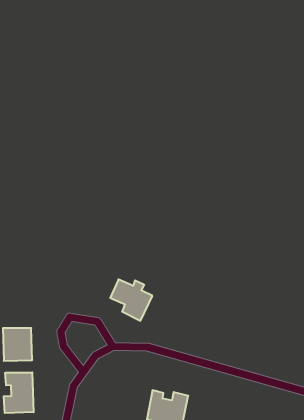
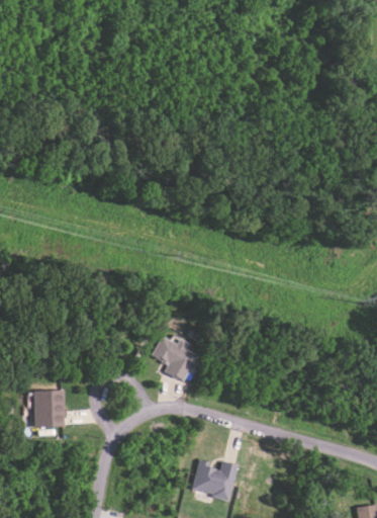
building: [4,372,34,413] -> none

